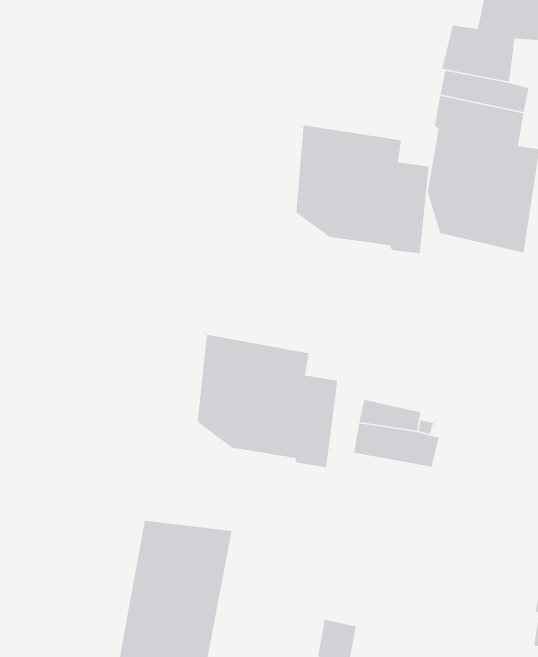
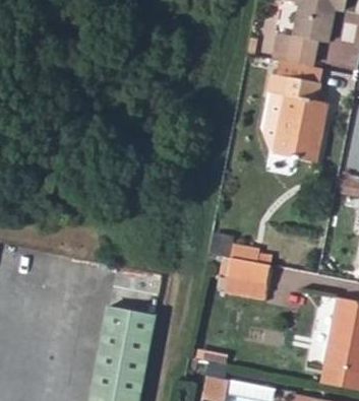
building: [296,124,430,254] -> none
building: [197,334,338,468] -> none

